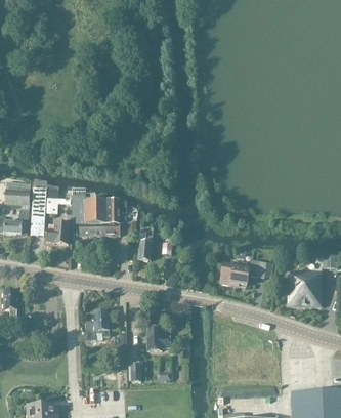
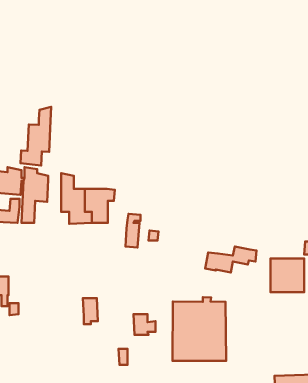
building: none -> [21,107,51,165]
building: [46,223,70,243] -> none
building: none -> [172,297,226,361]

